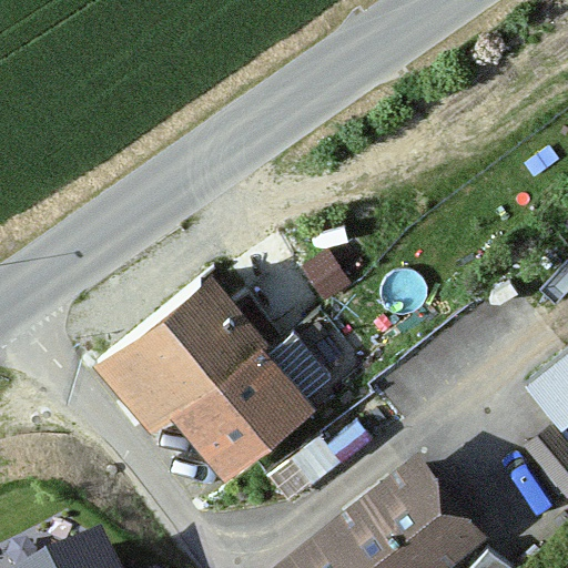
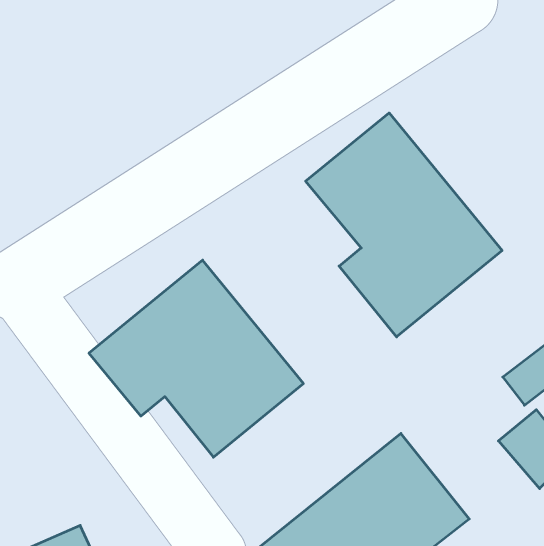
building: none -> [306,113,502,337]

